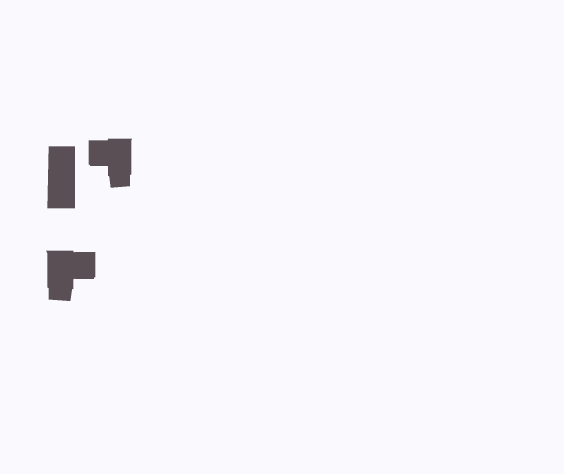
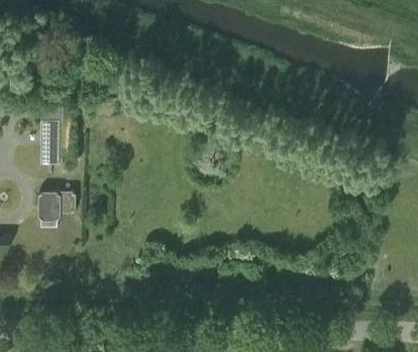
building: [88,138,133,188] -> none

